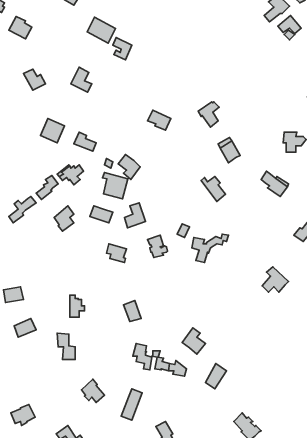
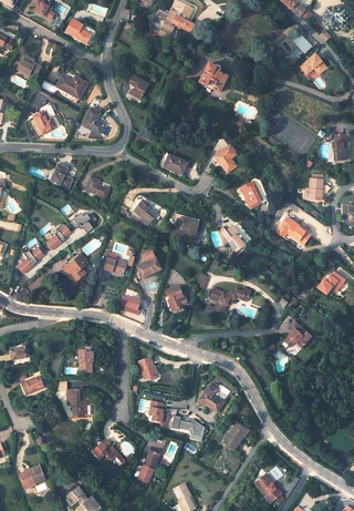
building: [87,17,116,43] -> [59,72,88,100]
building: none -> [198,63,227,91]
building: [103,173,128,199] -> [171,213,198,241]

